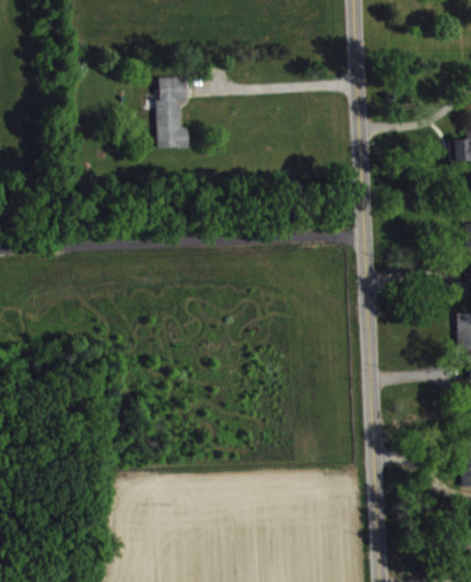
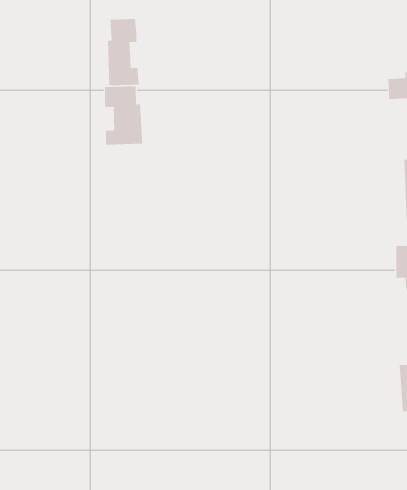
building: none -> [104,86,143,145]

